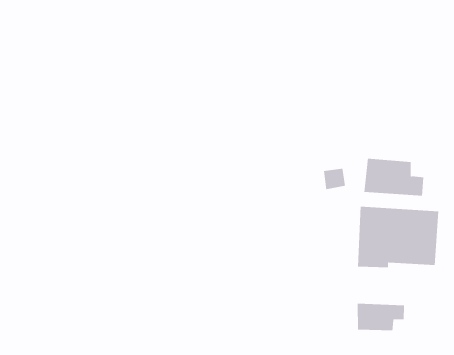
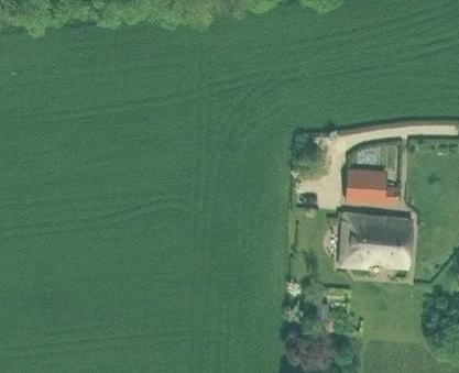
building: [357,303,405,331] -> none

